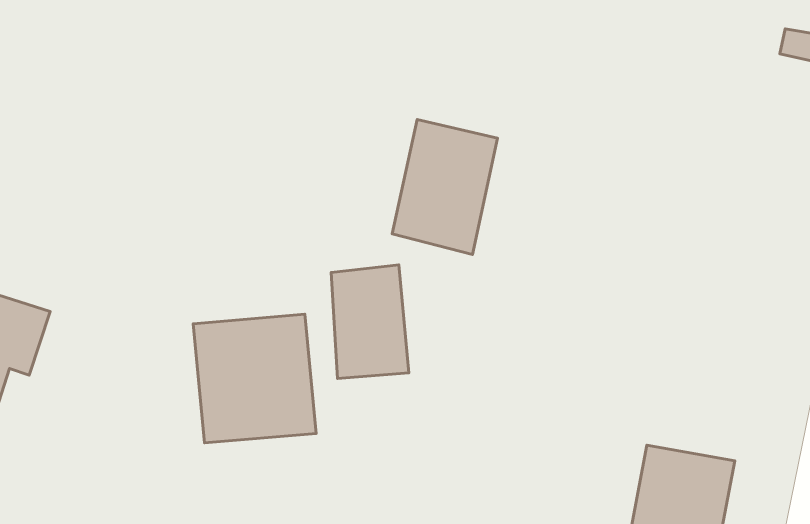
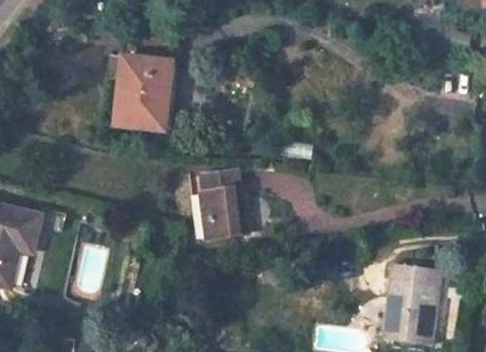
building: [392,119,498,254] -> [117,56,173,130]
building: [193,314,316,443] -> none

